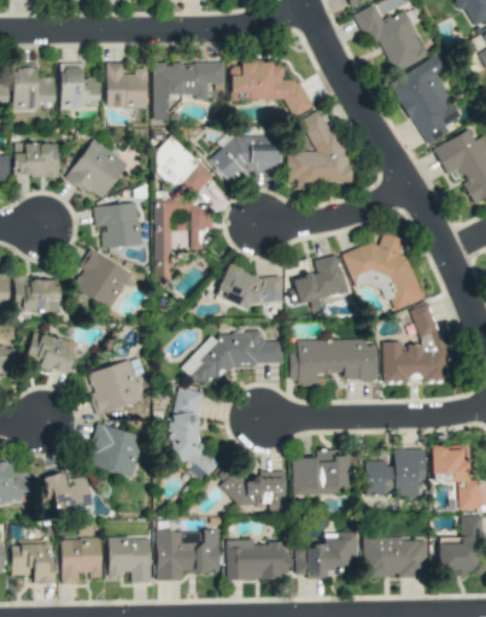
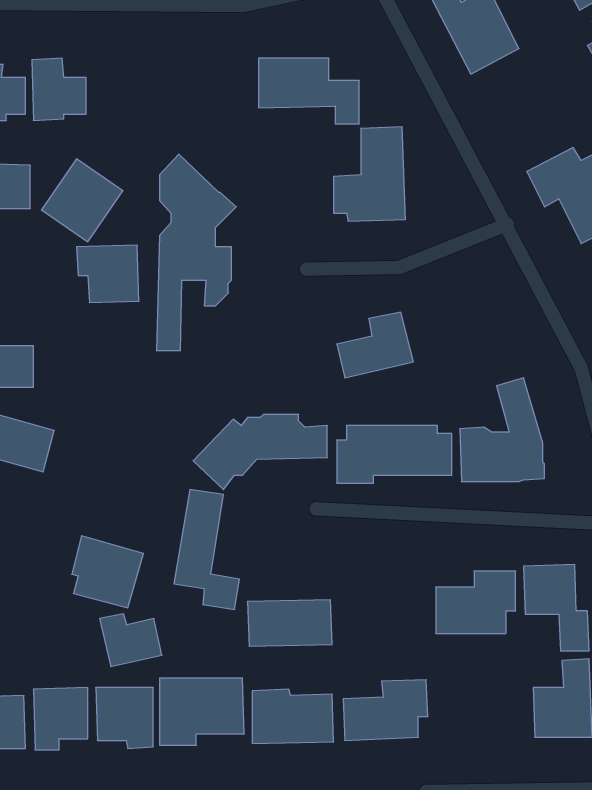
building: [390,55,461,146] -> none
building: [152,61,227,121] -> none
building: [106,63,147,108] -> none
building: [218,136,280,172] -> none
building: [341,233,422,310] -> none
building: [70,249,131,308] -> none
building: [218,264,283,308] -> none
building: [86,359,142,415] -> none
building: [292,449,351,495] -> none
building: [45,472,92,512] -> [100,614,162,667]
building: [364,537,427,578] -> none

